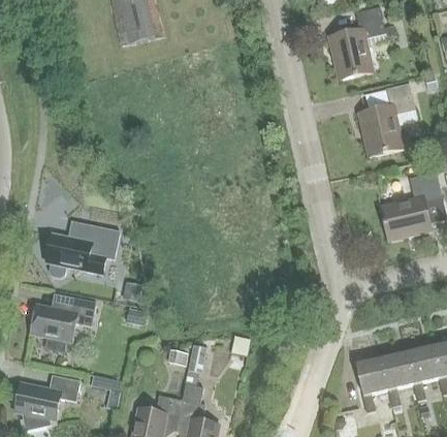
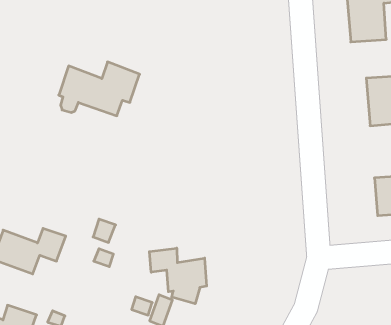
building: [46,224,120,277] -> [59,62,140,116]
building: none -> [149,248,207,304]

